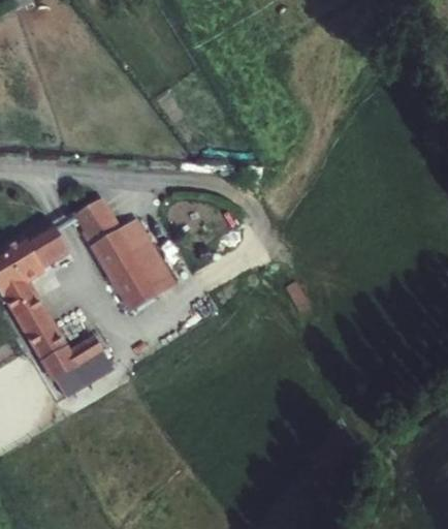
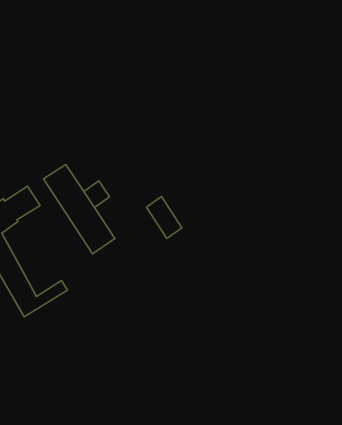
building: [132,238,173,286] -> [146,197,182,238]
building: [51,348,111,399] -> none

